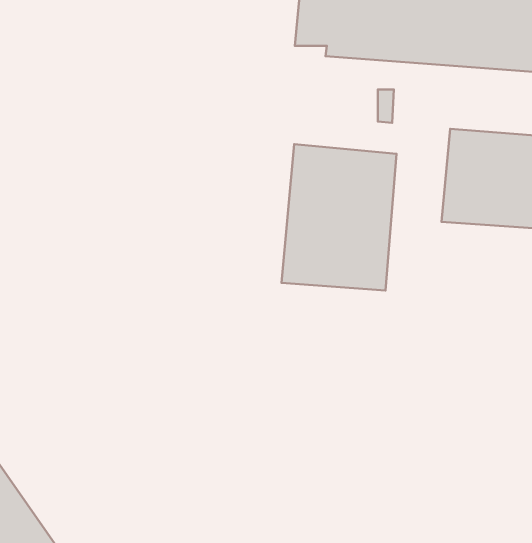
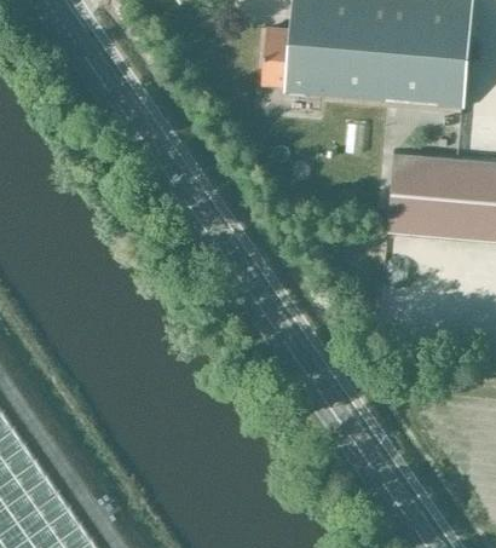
building: [281,144,396,291] -> none

